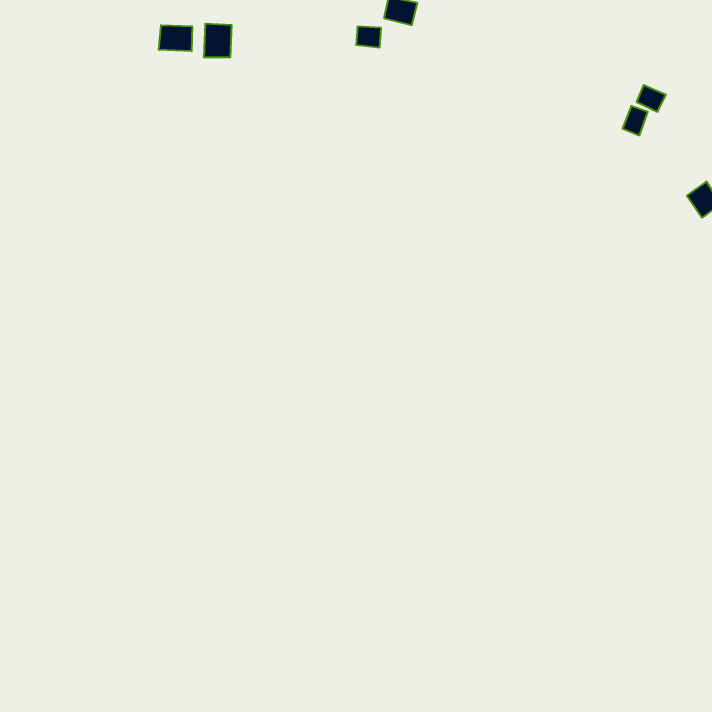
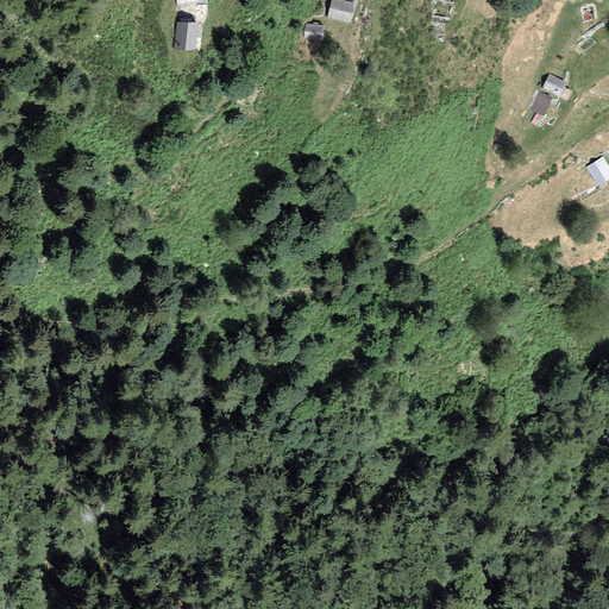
building: [159,25,192,51] -> none

